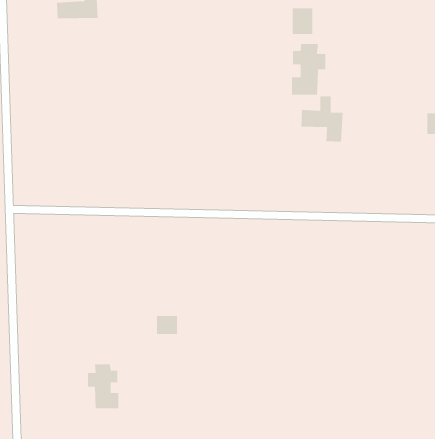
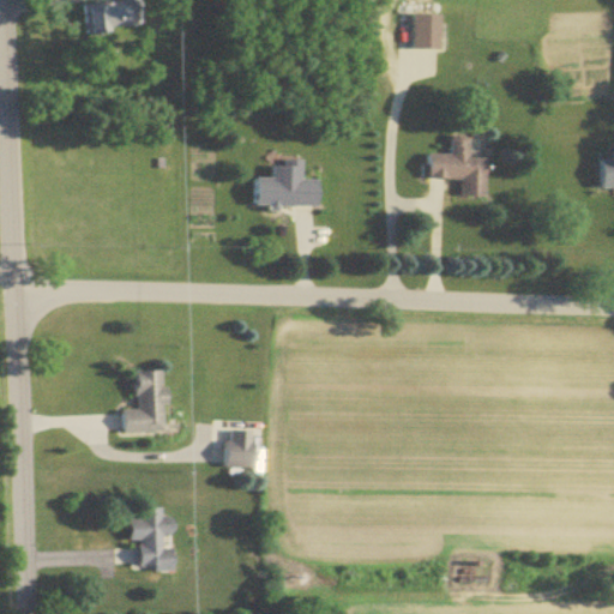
building: [292,43,326,95] -> none
building: none -> [255,158,320,206]
building: none -> [121,368,164,431]

